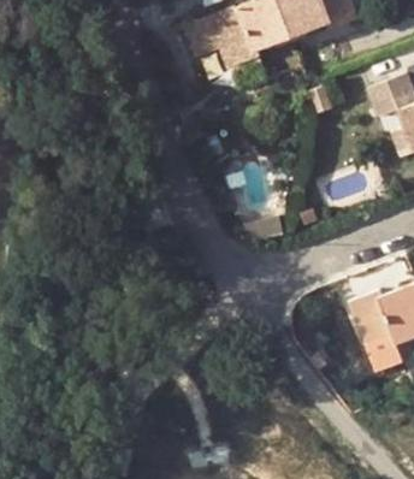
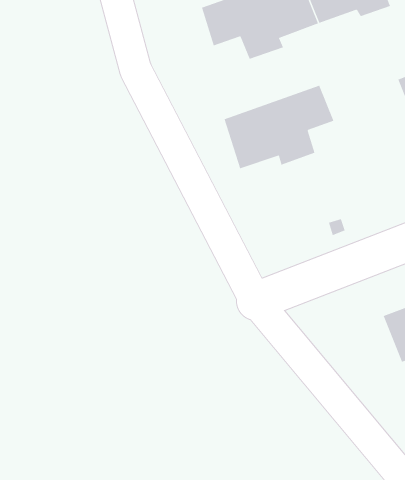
building: none -> [224,85,334,169]

